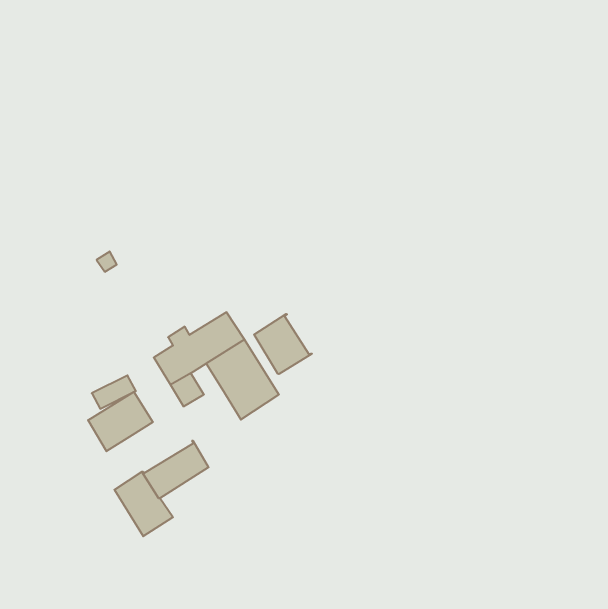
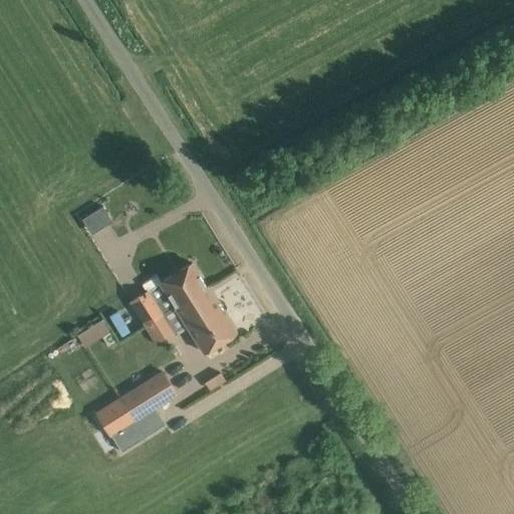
building: [254,314,312,374] -> none
building: [88,392,153,451] -> none

